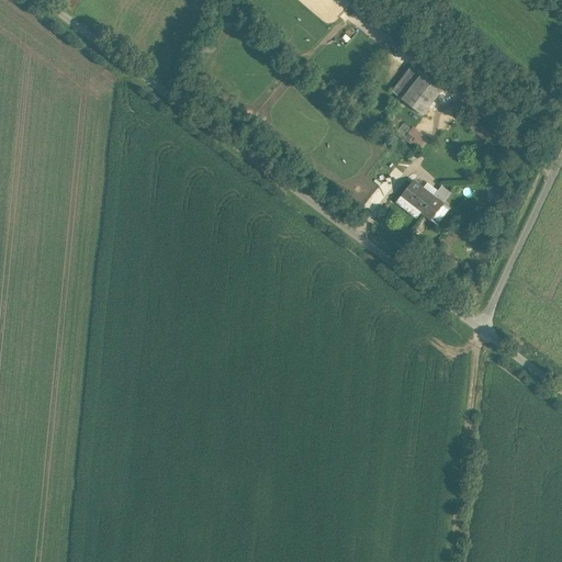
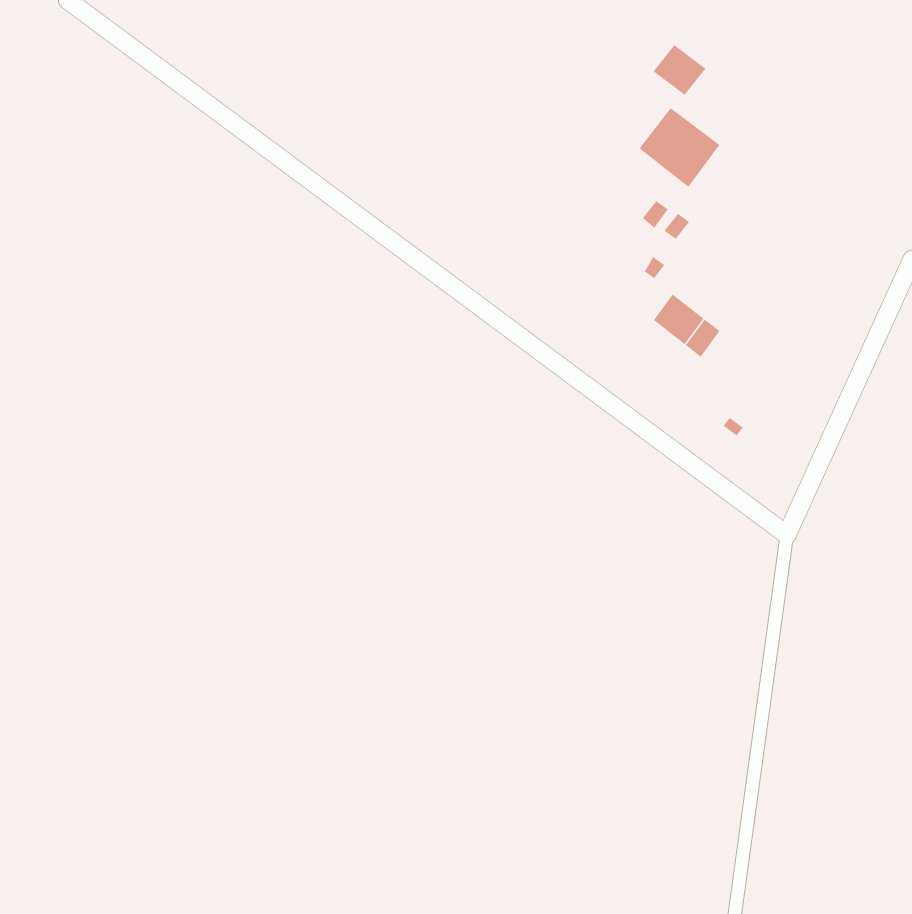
building: none -> [653,44,707,96]

